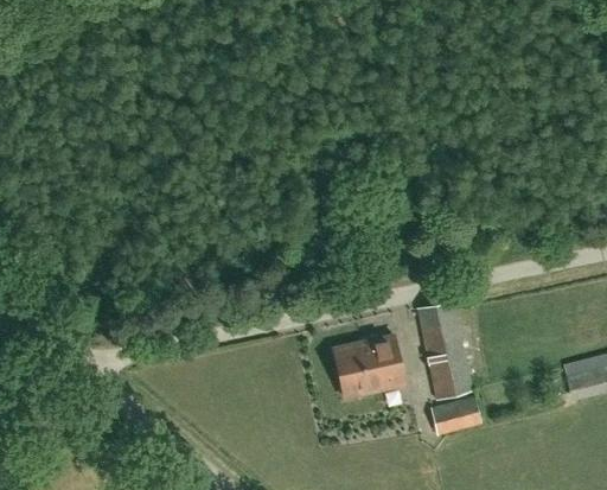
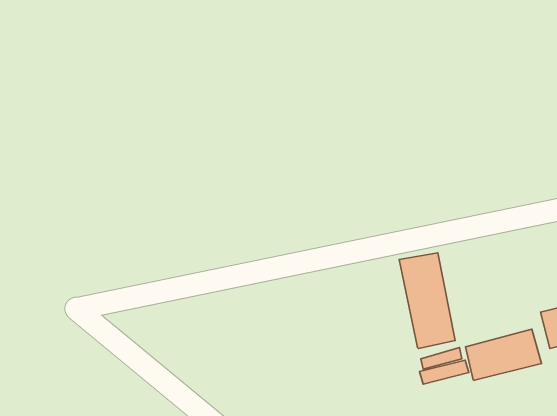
building: [333,335,404,395] -> none
building: none -> [465,329,541,380]

